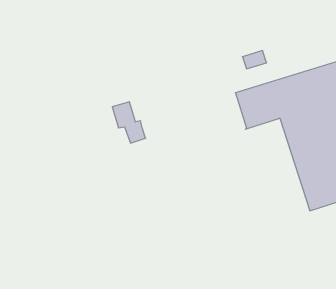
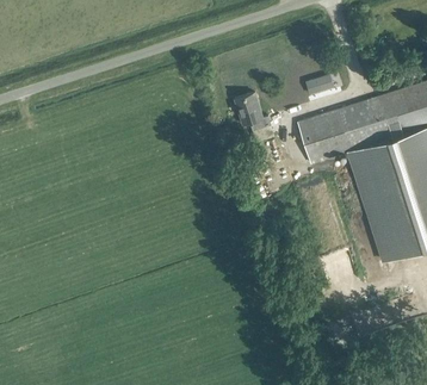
building: [112,102,146,143] -> [233,93,272,142]

